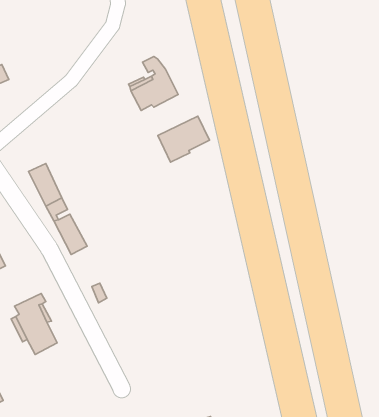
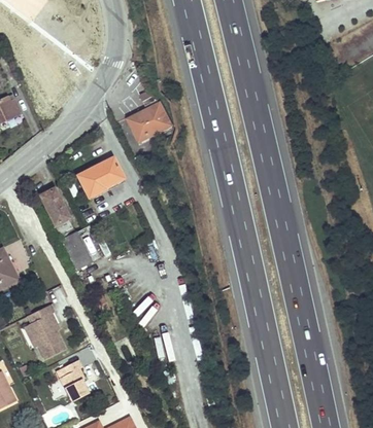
building: [158,116,210,162] -> [77,156,124,198]
building: none -> [59,360,89,402]

